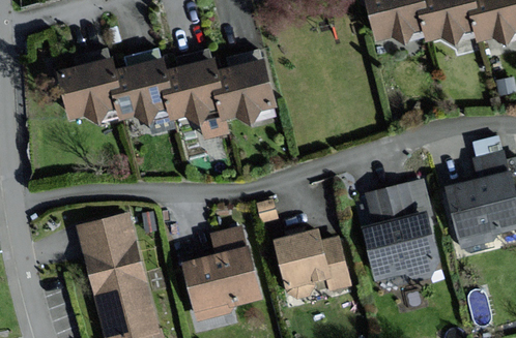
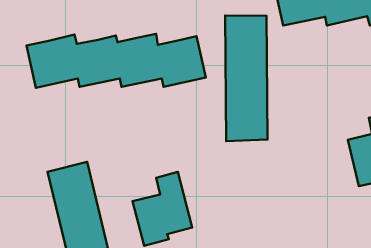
building: none -> [225,15,267,141]
building: [368,182,436,273] -> none
building: [278,229,347,294] -> none

